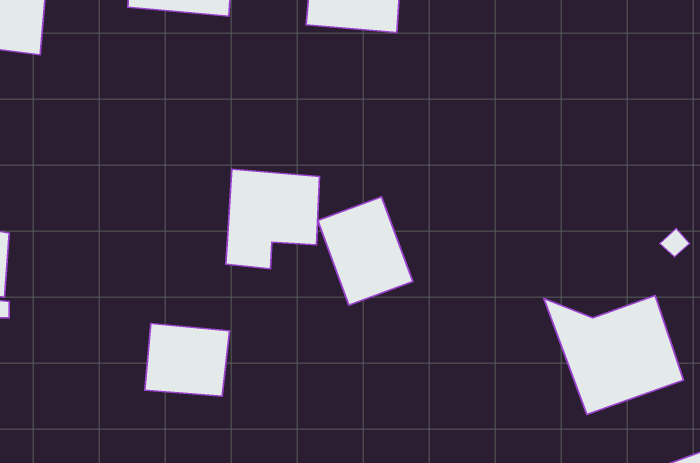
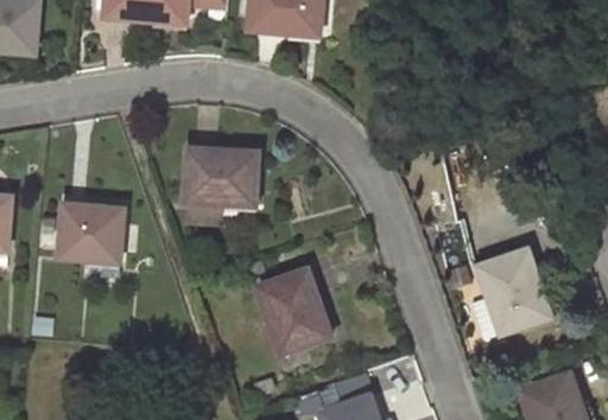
building: [318,197,413,305] -> [259,268,335,355]
building: [145,323,230,396] -> [58,203,126,261]

